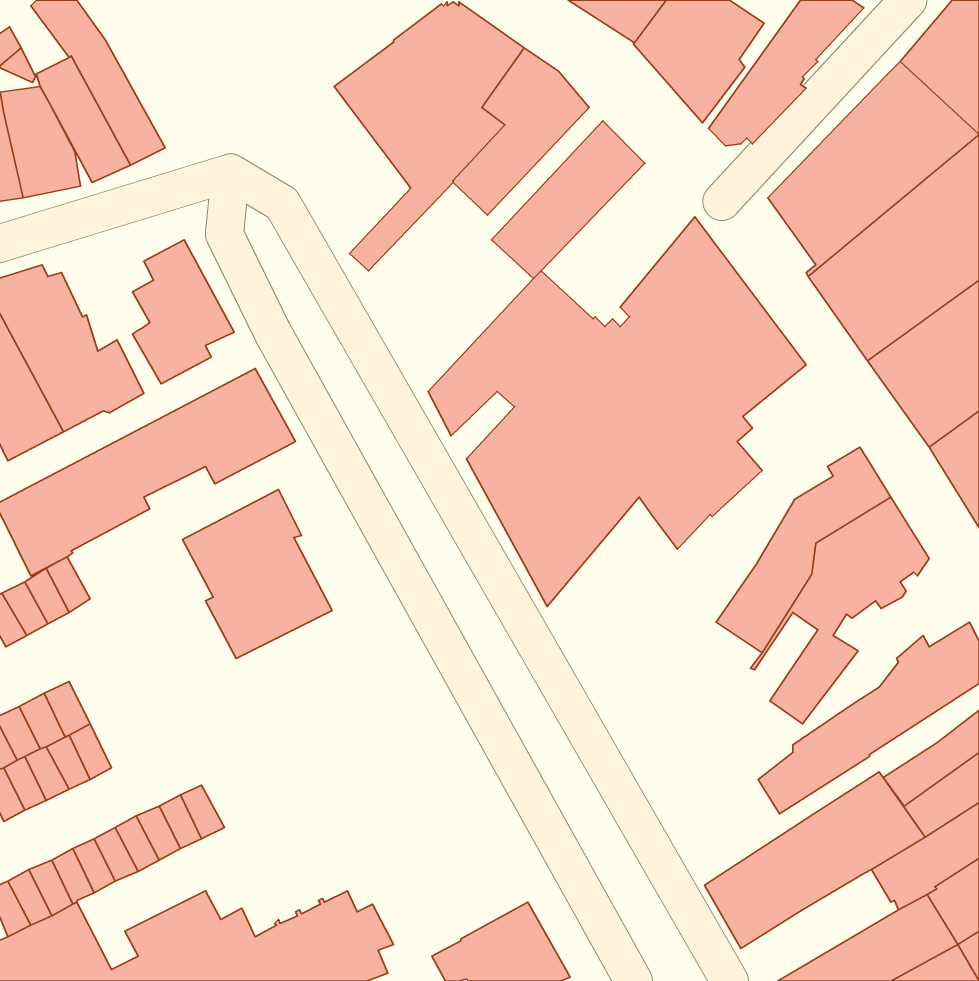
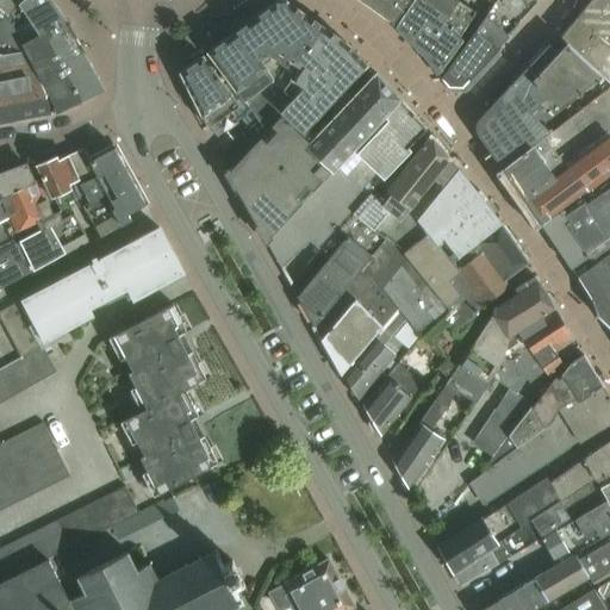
building: none -> [180,57,238,132]
building: none -> [336,101,425,198]
building: none -> [225,113,330,243]
building: none -> [37,152,95,218]
building: none -> [442,226,528,336]
building: none -> [340,309,406,400]
building: none -> [492,356,602,462]
building: none -> [363,366,421,436]
building: none -> [392,386,473,490]
building: none -> [125,390,218,494]

